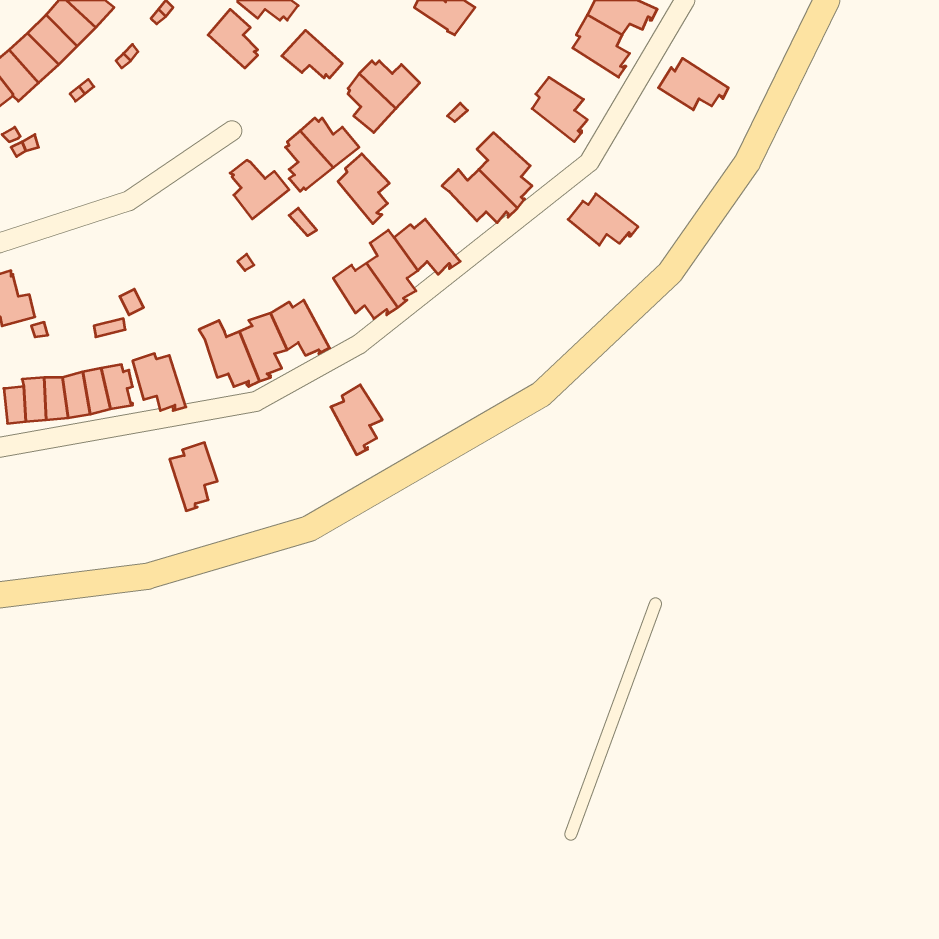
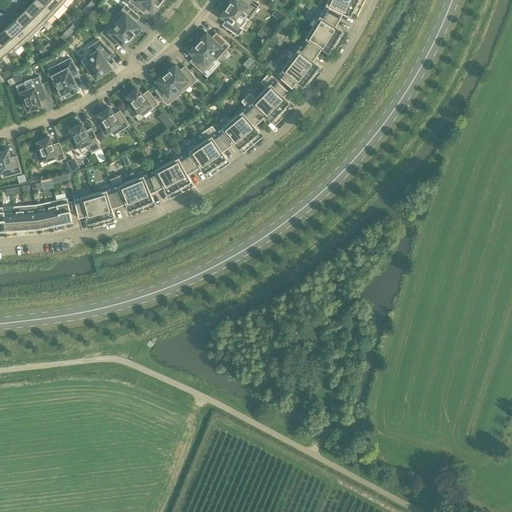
building: none -> [219,5,243,35]
building: [282,30,342,78] -> [100,20,133,46]
building: [658,58,728,110] -> [298,27,336,55]
building: none -> [82,40,111,79]
building: none -> [51,59,77,98]
building: none -> [15,77,43,112]
building: [338,154,389,224] -> [231,105,259,143]
building: [568,194,638,245] -> [274,60,312,88]
building: none -> [97,107,127,136]
building: none -> [68,122,100,154]
building: none -> [34,136,63,163]
building: [331,385,382,455] -> [165,152,193,190]
building: [170,443,217,511] -> [92,185,118,222]

